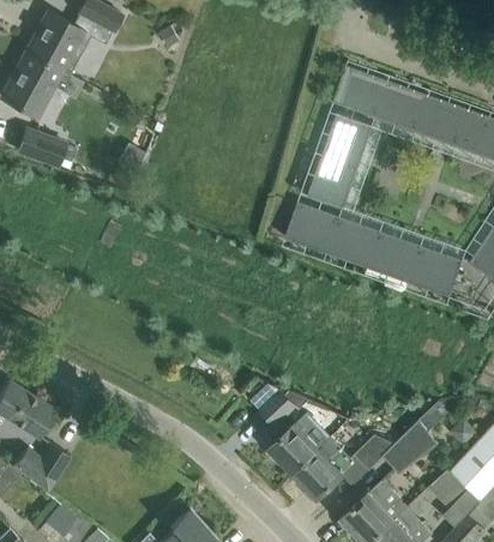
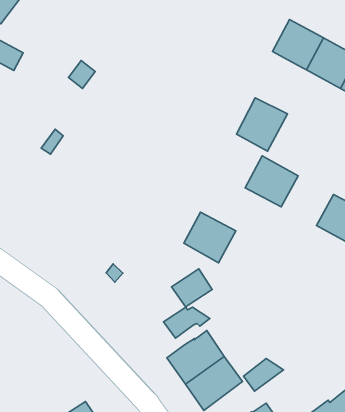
building: [321,112,373,167] -> none
building: [284,201,338,253] -> [184,212,236,263]
building: [367,231,421,282] -> none
building: none -> [171,269,212,307]
building: [382,403,448,472] -> none

